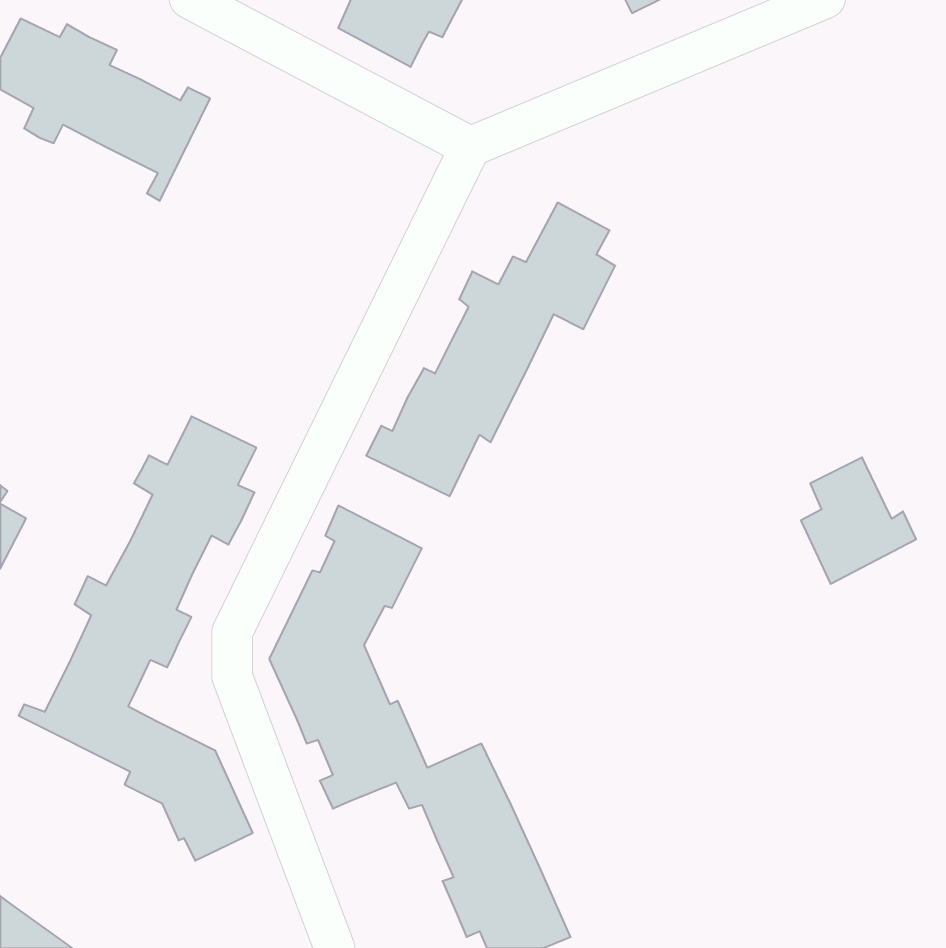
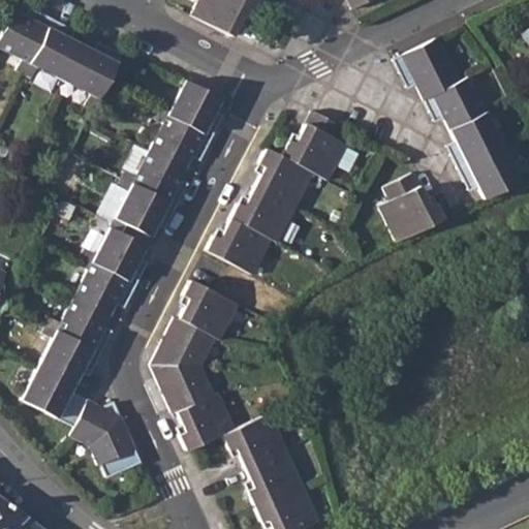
building: none -> [394,35,520,198]
building: none -> [114,80,219,238]
building: [801,457,916,584] -> [378,174,442,244]

